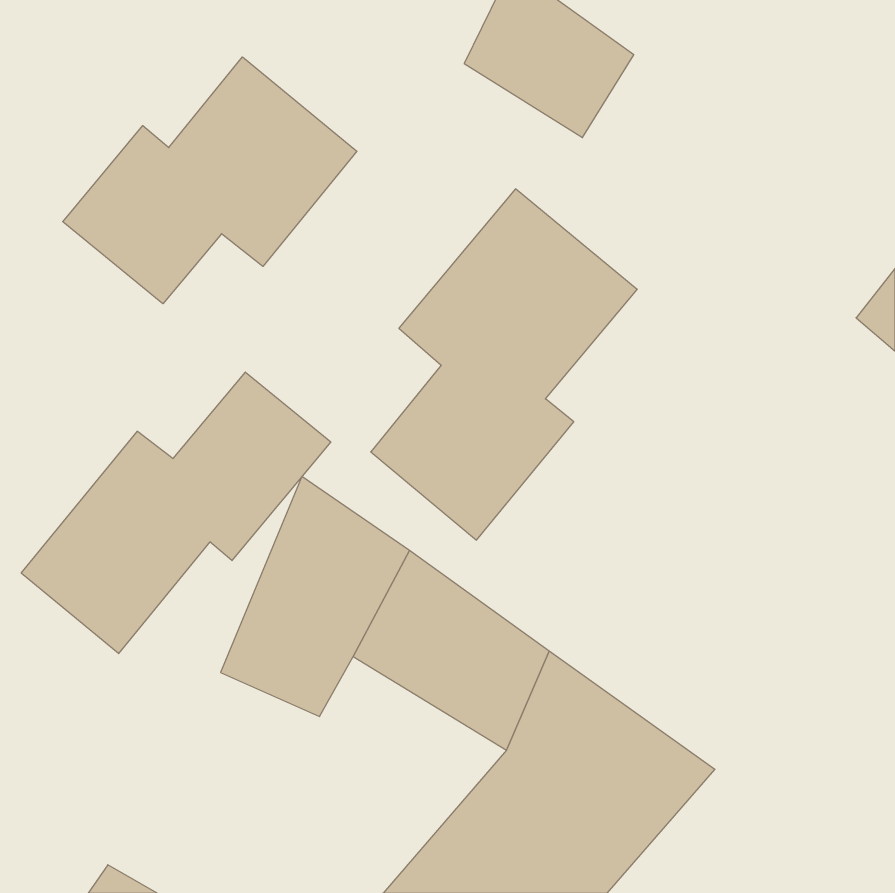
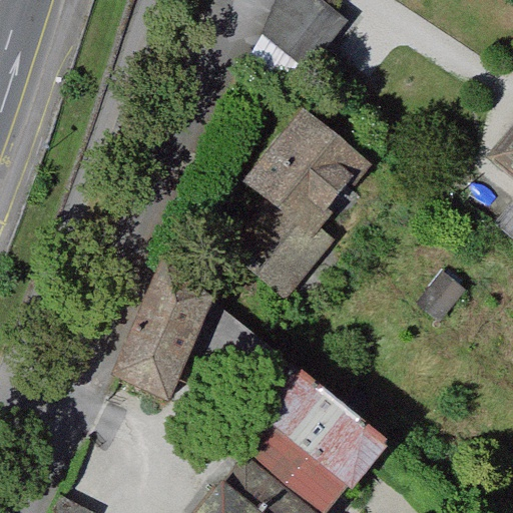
building: [63,57,357,304] -> none
building: [21,372,331,654] -> none

